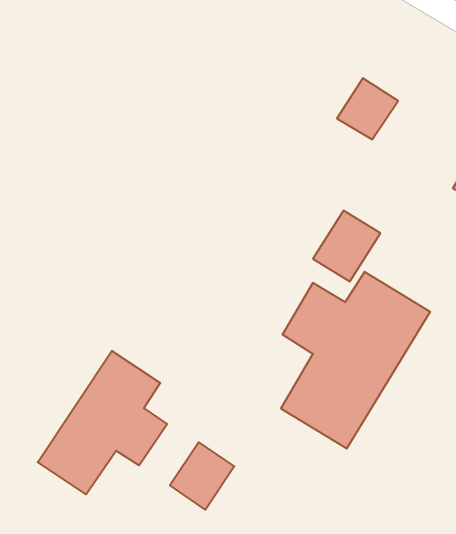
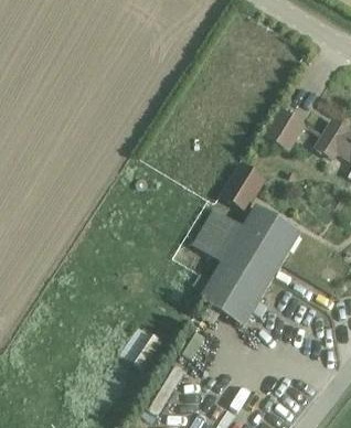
building: [337,78,398,139] -> [263,106,305,148]
building: [38,351,167,494] -> none

